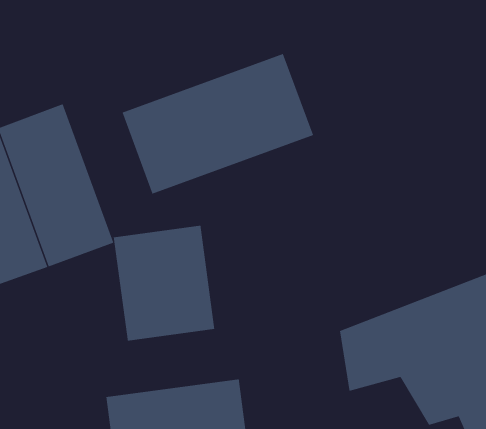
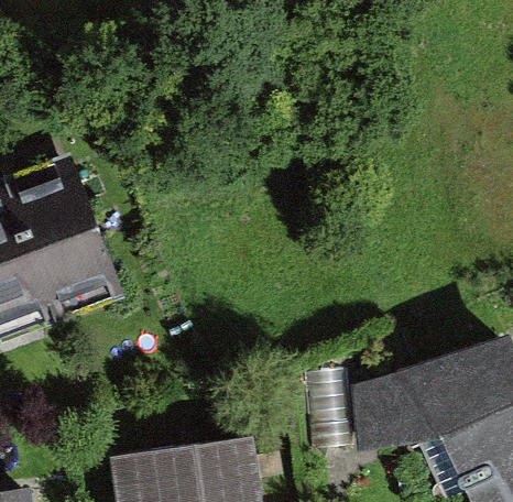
building: [122,53,314,194] -> none
building: [113,225,215,342] -> none

